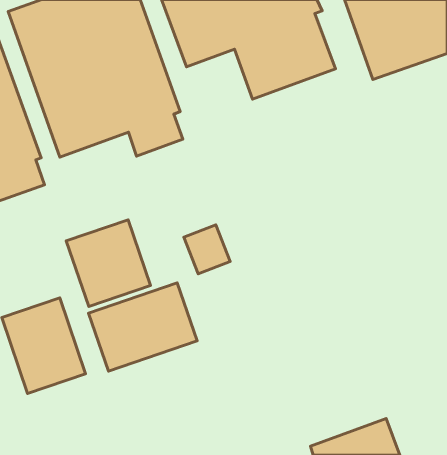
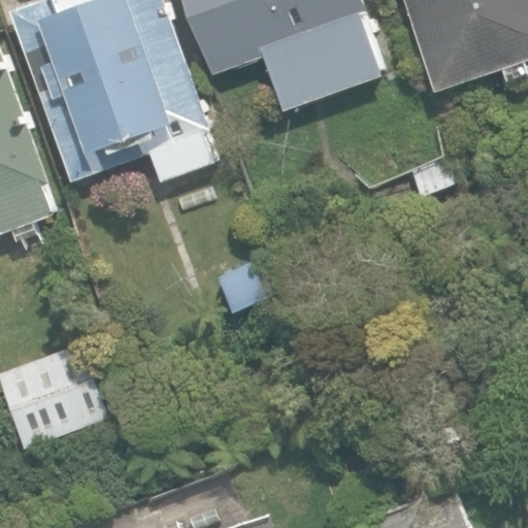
building: [66,220,151,307] -> none
building: [89,283,197,371] -> none

